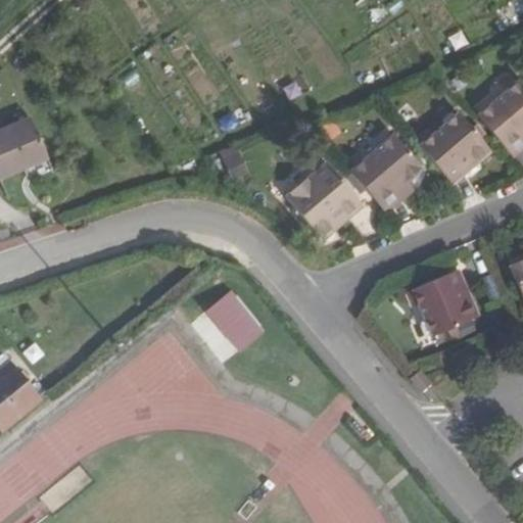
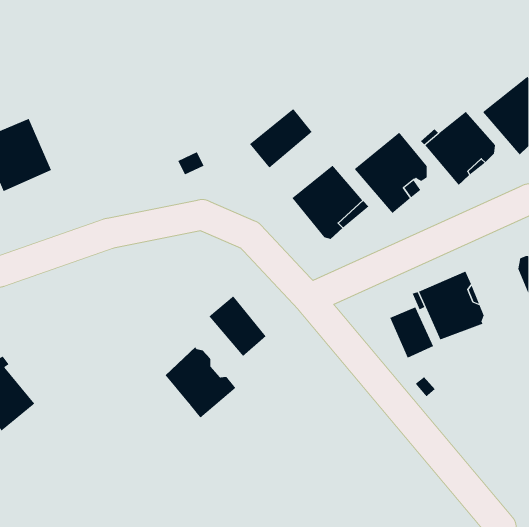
building: none -> [249,108,312,168]
building: none -> [390,306,434,358]
building: none -> [165,347,236,418]

